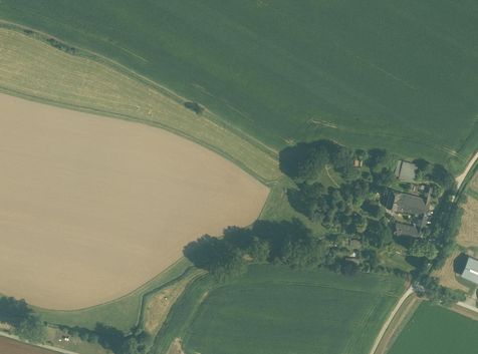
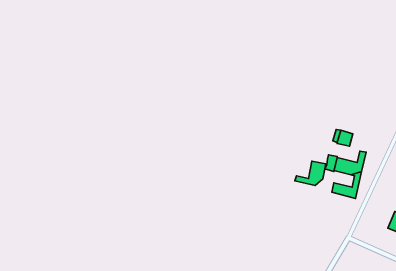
building: none -> [295,161,326,186]

